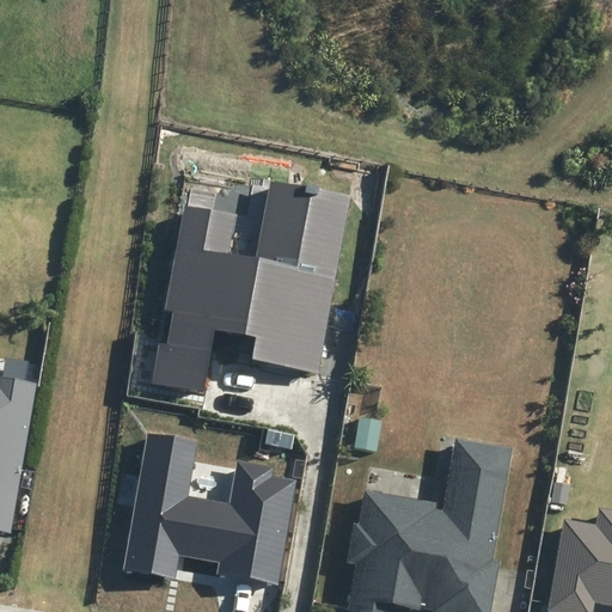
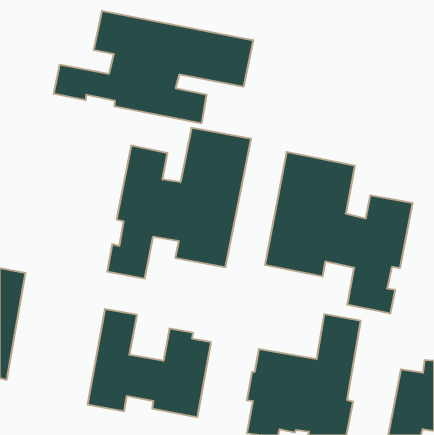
building: none -> [54,11,253,123]
building: none -> [265,152,413,314]

